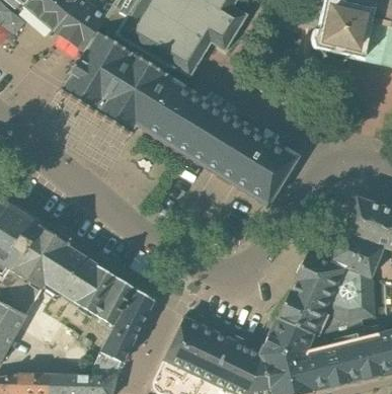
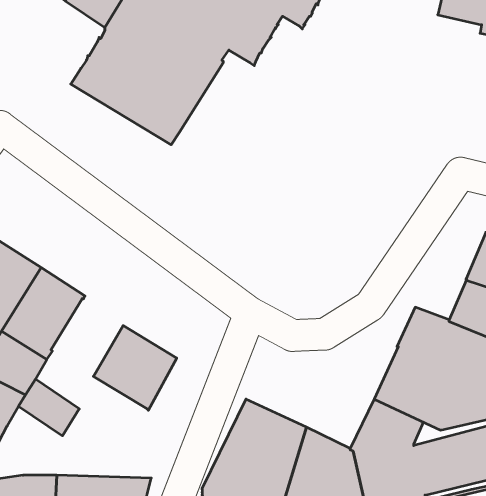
building: [138,76,299,207] -> none
building: [46,245,97,301] -> none
building: [100,288,155,362] -> none

